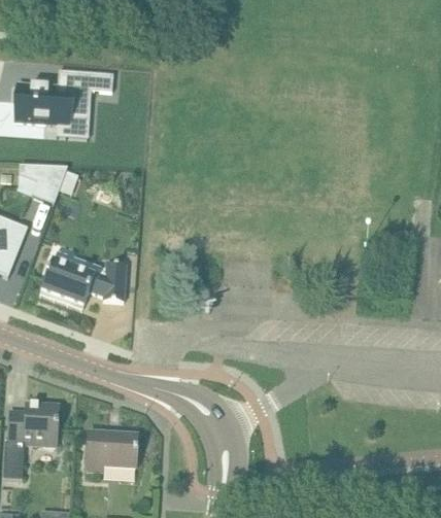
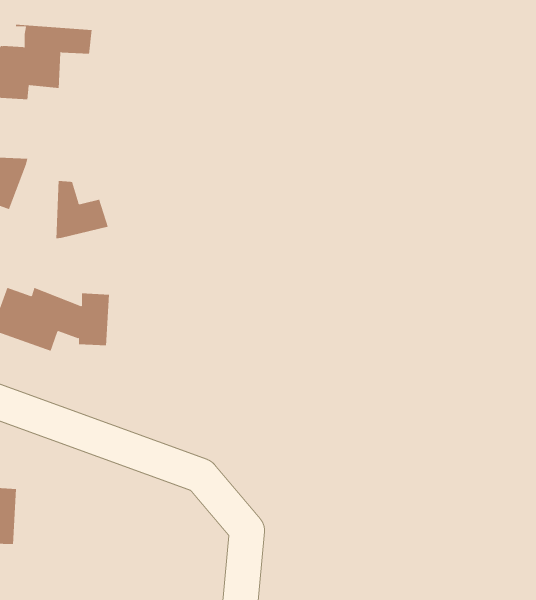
building: none -> [56,180,108,239]
building: [86,430,137,472] -> none

